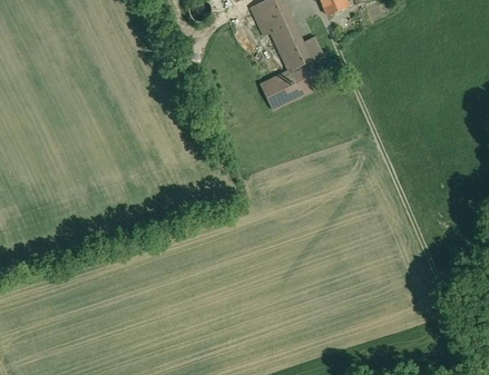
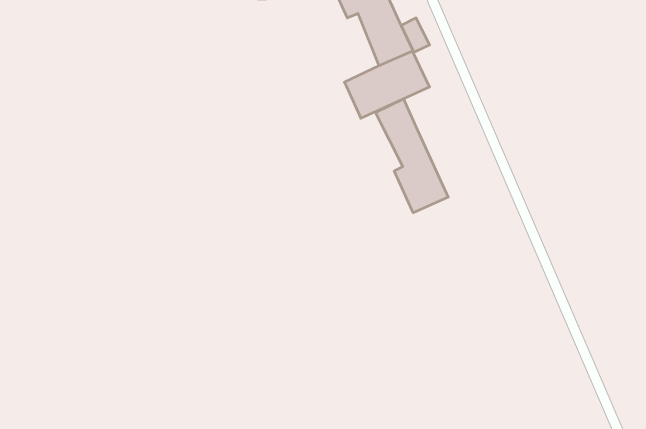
building: none -> [375,99,448,213]

